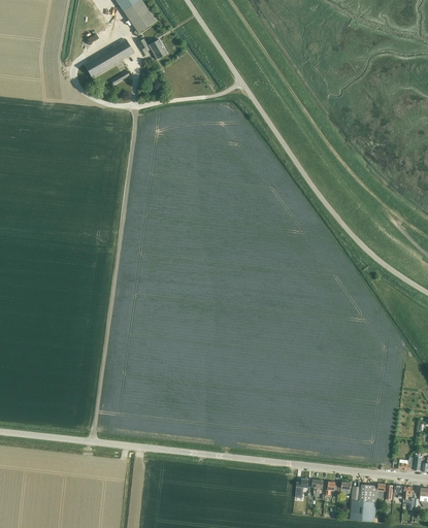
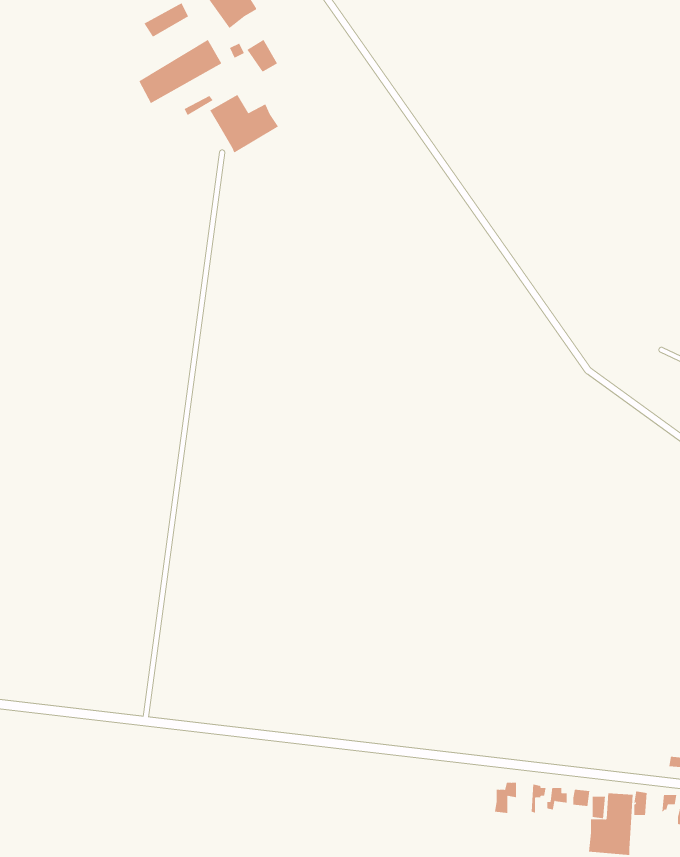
building: none -> [210,94,279,153]

